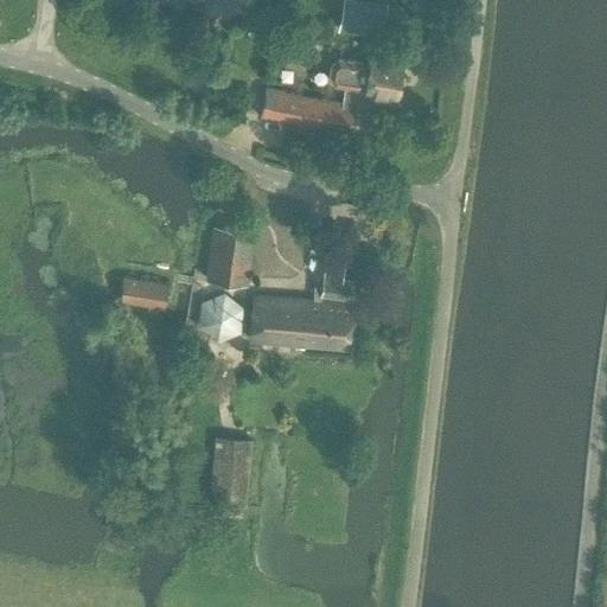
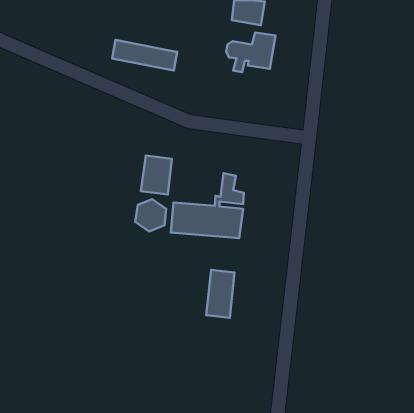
building: [261,90,356,135] -> [112,40,177,70]
building: [120,277,166,308] -> none
building: [210,437,251,507] -> [206,270,235,318]

